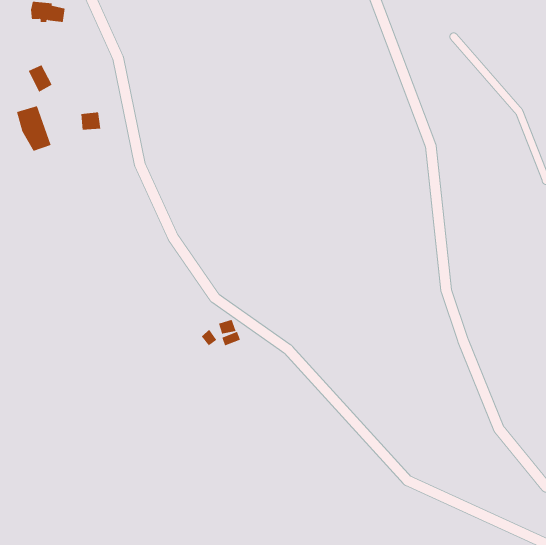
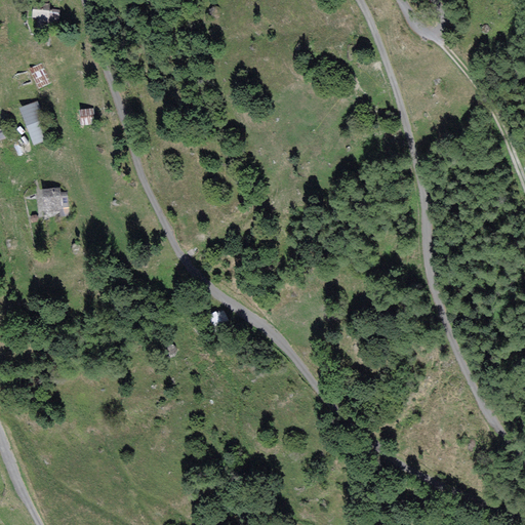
building: none -> [38,186,66,218]

